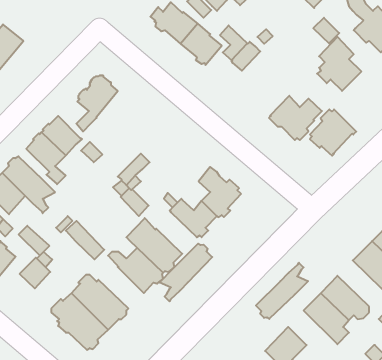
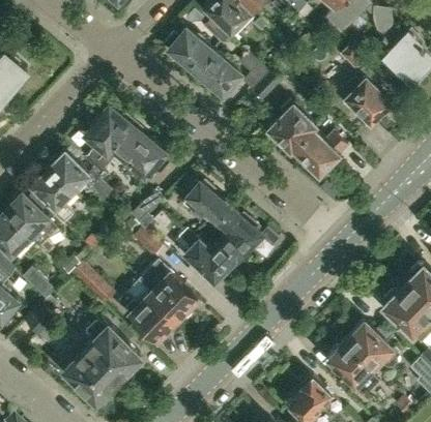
building: none -> [91,123,168,181]
building: [310,109,356,156] -> [267,102,317,152]
building: none -> [181,182,228,223]
building: [160,244,212,301] -> none
building: [256,263,308,319] -> none

